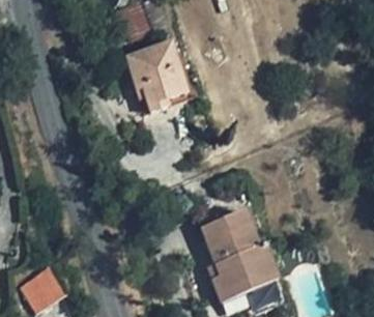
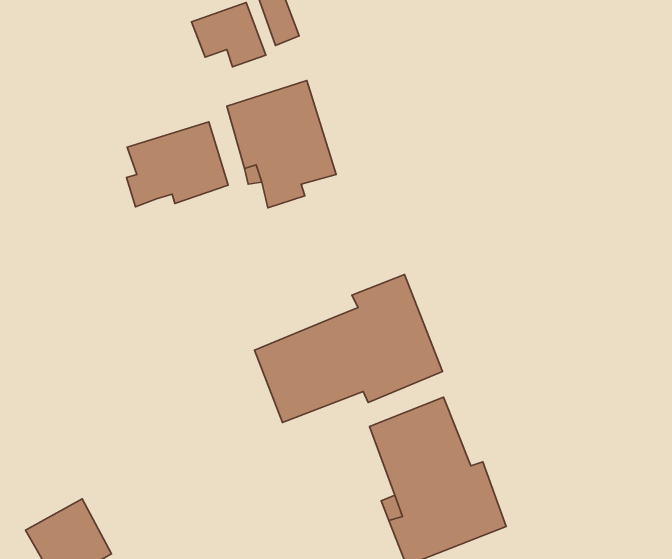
building: none -> [126,122,228,207]
building: none -> [255,274,442,422]

